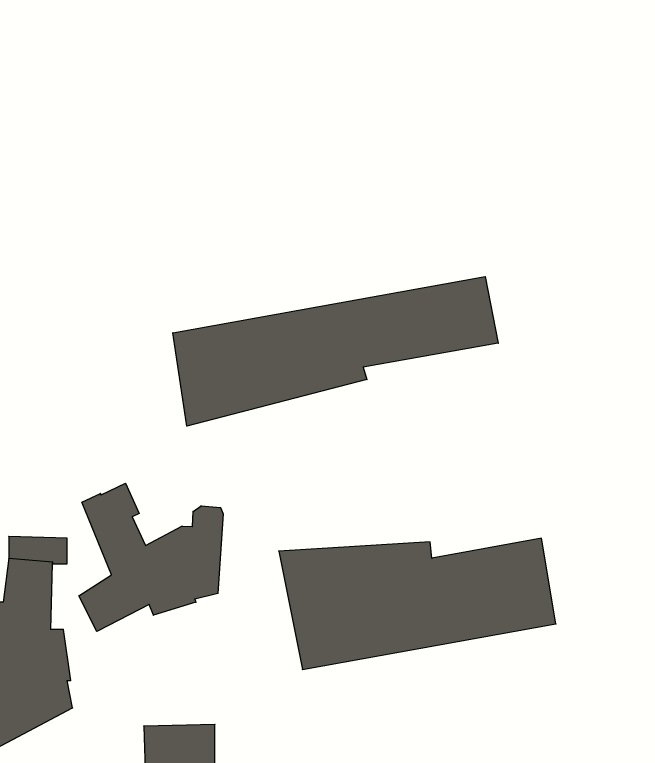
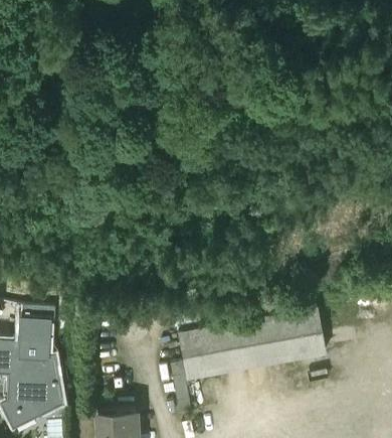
building: [173,277,498,426] -> none
building: [79,483,223,631] -> none

